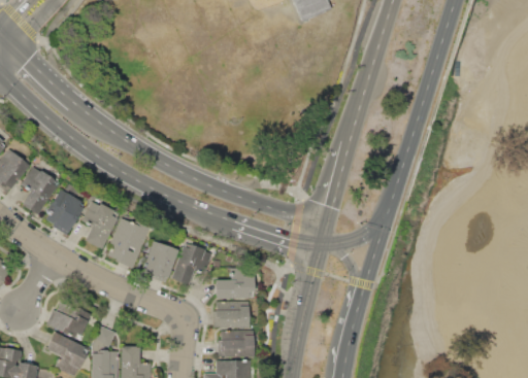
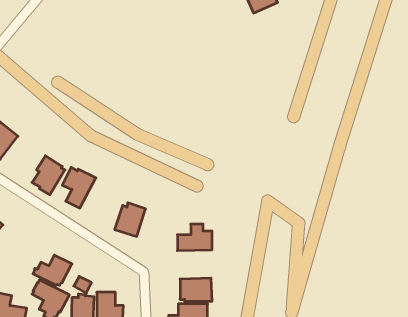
building: [21,167,60,215] -> none
building: [108,219,150,267] -> none
building: [170,243,212,285] -> none
building: [216,302,249,329] -> none

